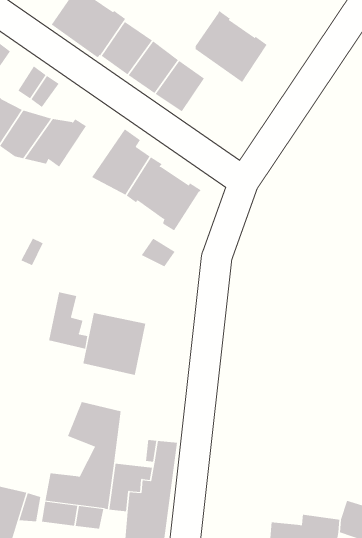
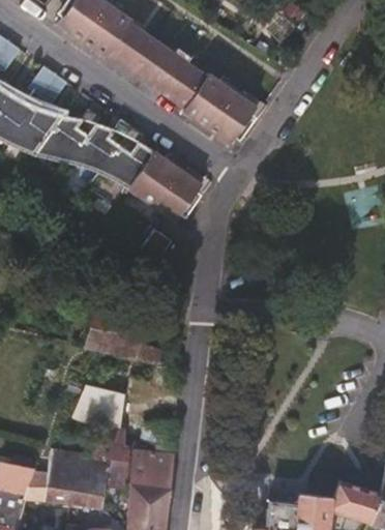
building: [195,10,268,83] -> [183,73,253,143]
building: none -> [66,116,128,170]
building: [49,291,88,349] -> none

